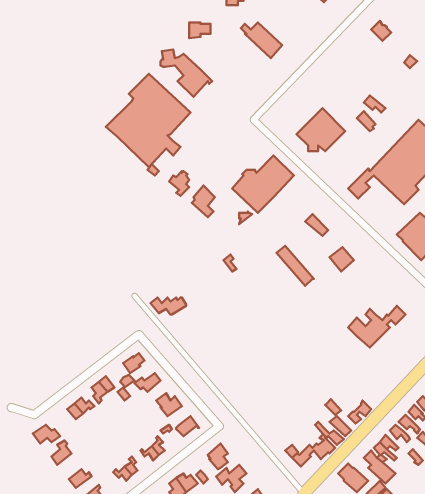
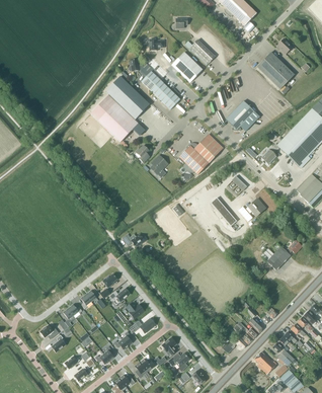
building: none -> [171,52,203,83]
building: none -> [256,52,294,89]
building: none -> [152,81,180,109]

